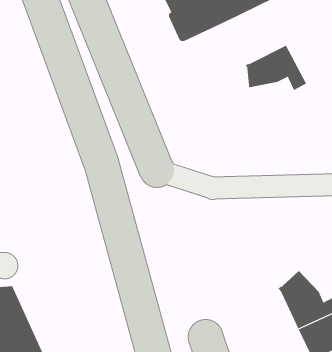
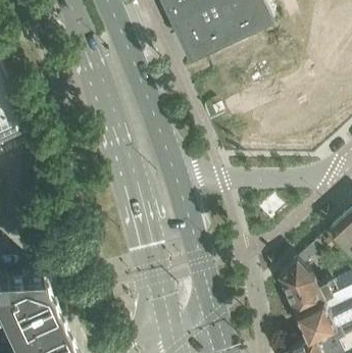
building: [245,45,307,91] -> none

